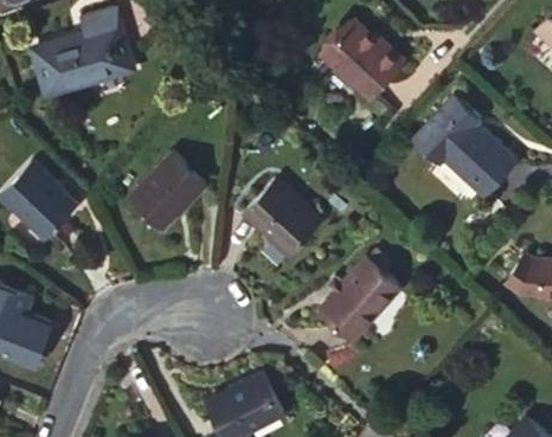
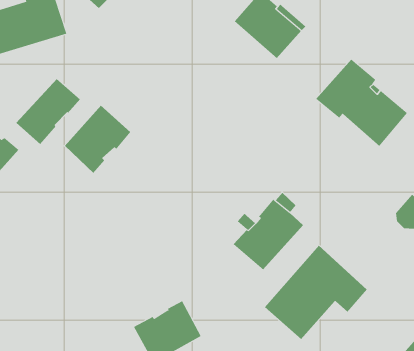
building: none -> [16,78,81,145]
building: [243,176,323,257] -> none
building: none -> [264,245,368,340]

